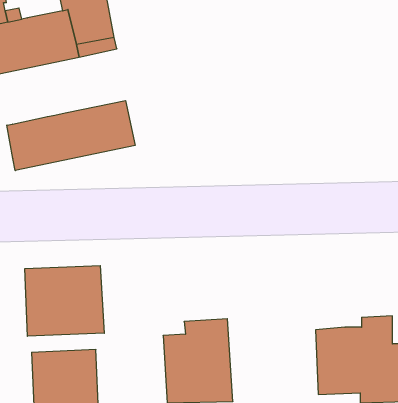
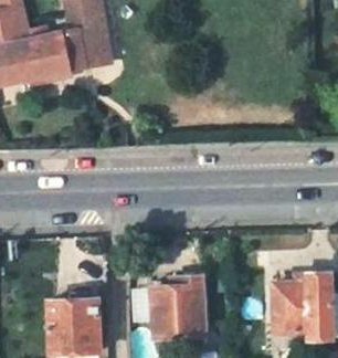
building: [7,101,135,171] -> none
building: [25,266,104,336] -> none

